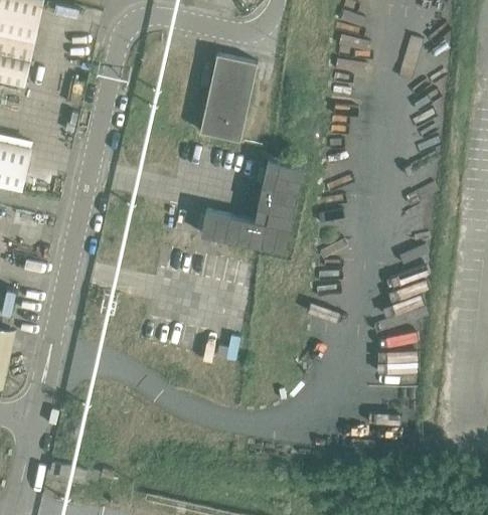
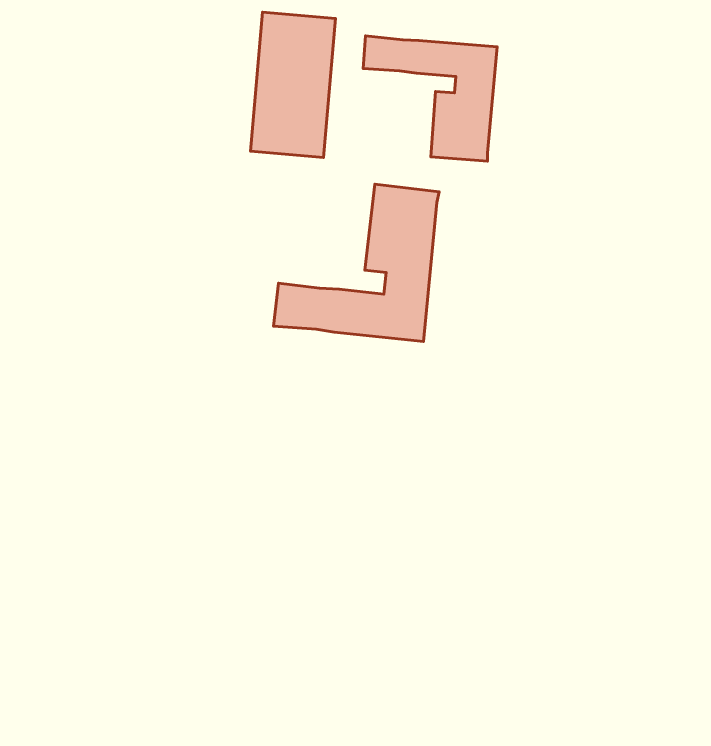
building: none -> [363,36,497,161]

